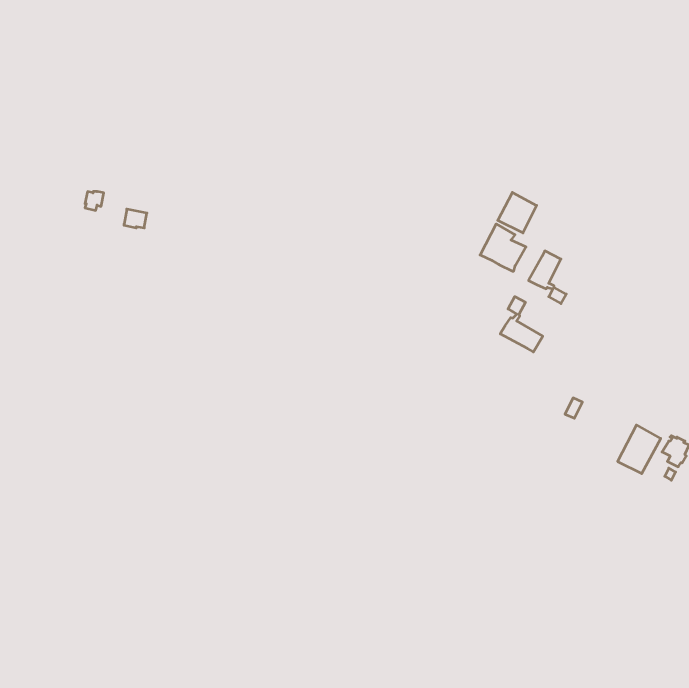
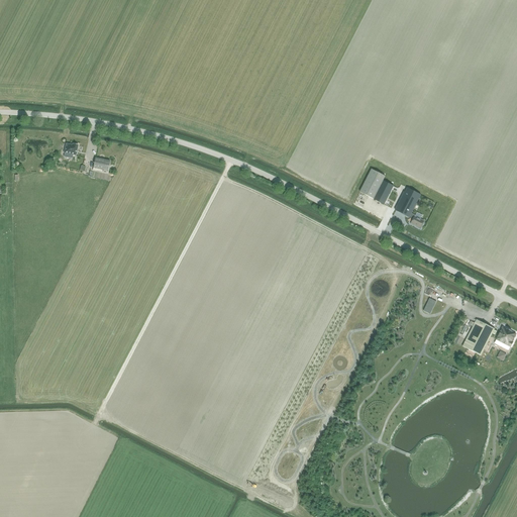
building: [498,192,537,233] -> none
building: [500,297,543,352] -> none

